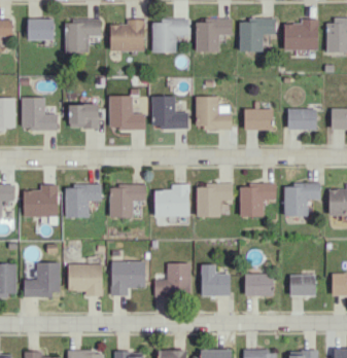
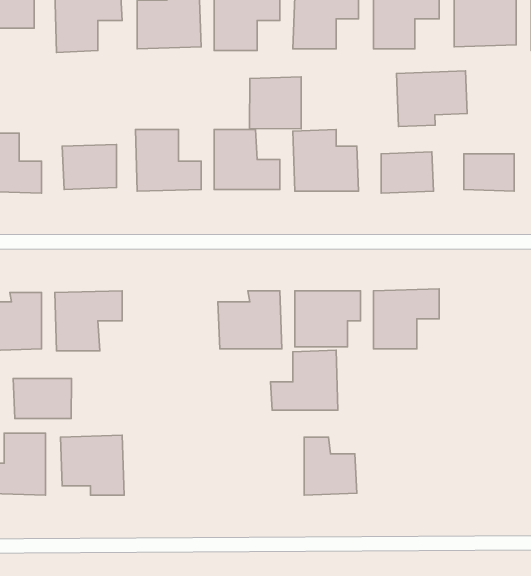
building: none -> [397,71,467,127]
building: none -> [250,77,301,129]
building: [284,183,320,216] -> none
building: [110,184,146,217] -> none
building: none -> [13,378,72,419]
building: [111,260,145,296] -> none
building: [154,262,192,295] -> [270,350,338,410]
building: [245,274,274,296] -> none
building: [289,275,316,296] -> none

